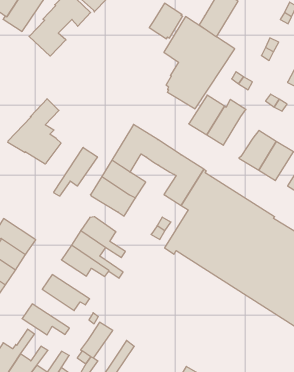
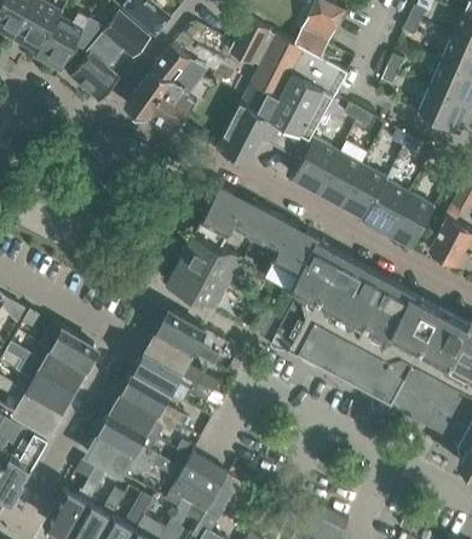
building: none -> [215,85,271,162]
building: [8,99,61,164] -> [123,46,195,133]
building: none -> [339,165,386,218]
building: [54,147,97,196] -> none
building: none -> [122,373,188,429]
building: none -> [98,414,180,478]
building: none -> [185,463,225,512]

